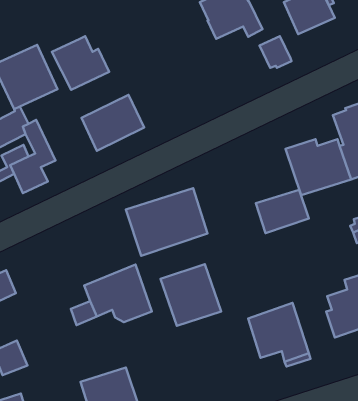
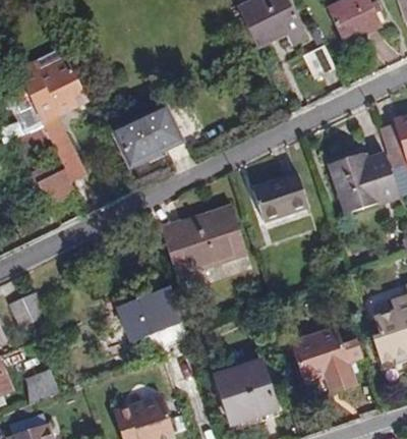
building: [52,36,109,90] -> none
building: [256,190,309,233] -> [253,175,309,221]
building: [161,264,221,326] -> [214,360,278,425]

